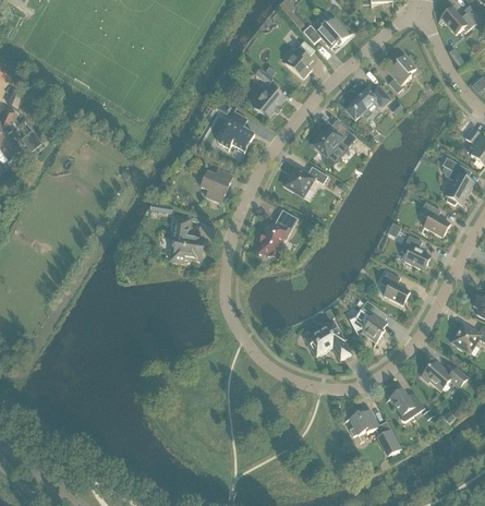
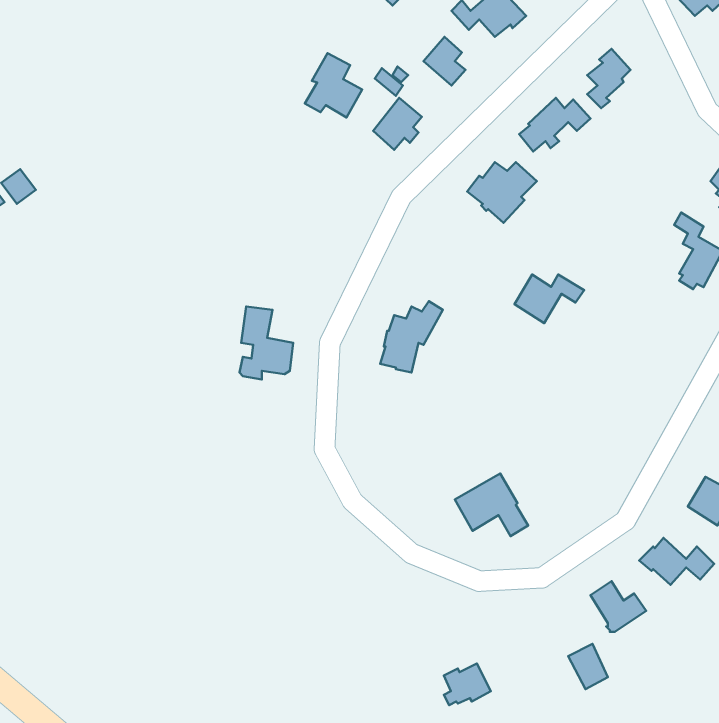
building: [218,109,254,149] -> [305,53,362,117]
building: [283,165,327,195] -> [515,275,584,323]
building: [199,168,232,201] -> none
building: [419,200,449,236] -> none
building: [400,233,429,268] -> none
building: [379,269,409,303] -> none
building: [348,310,386,340] -> none
building: [349,408,378,434] -> [444,663,491,705]

